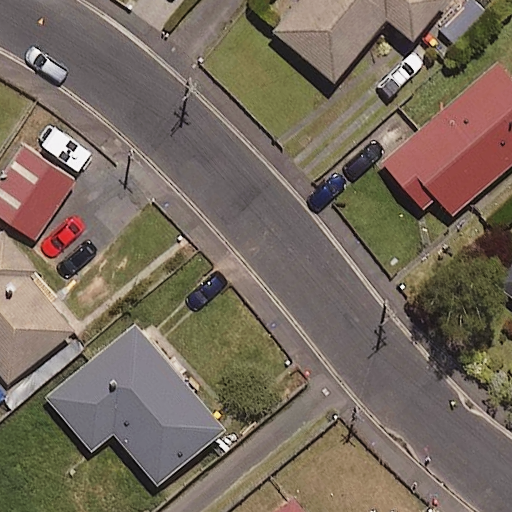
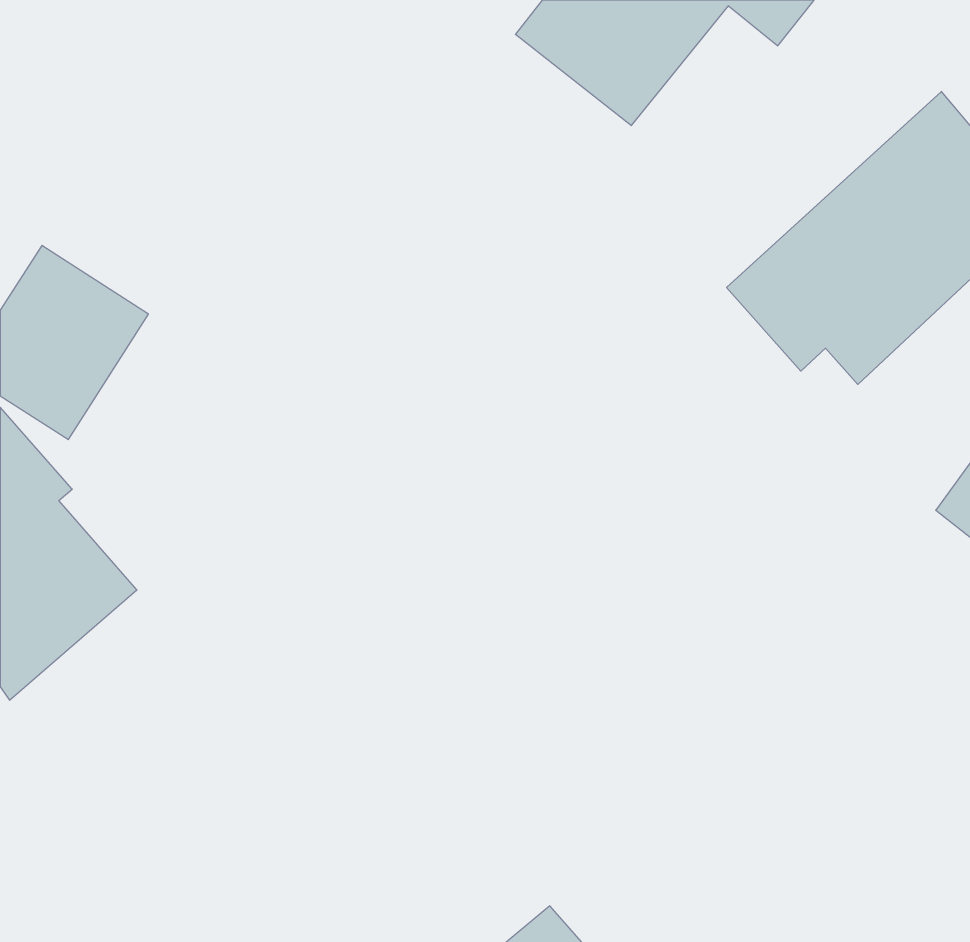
building: [43,320,224,483] -> none

